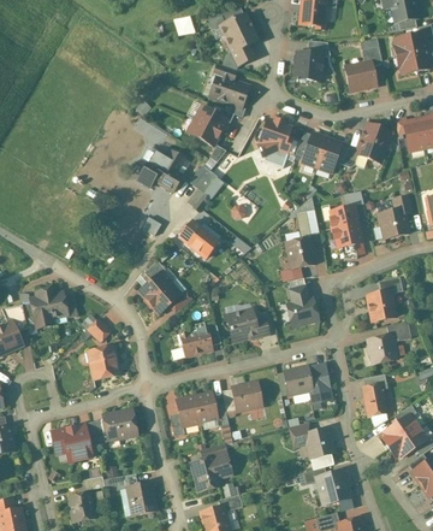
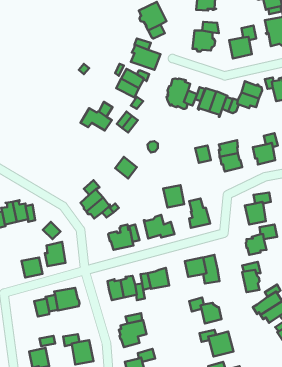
building: [285,237,314,269] -> [163,185,184,208]
building: [51,426,79,454] -> [22,257,42,277]

